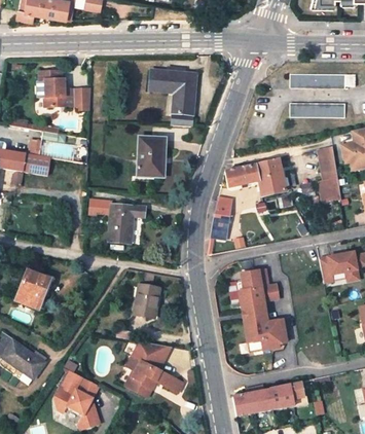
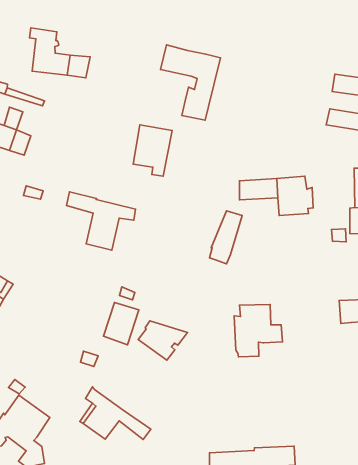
building: [243,312,286,351] -> none
building: [132,341,171,371] -> [138,321,187,360]

